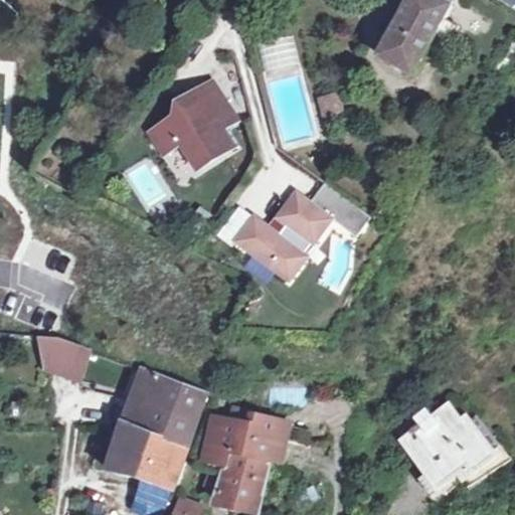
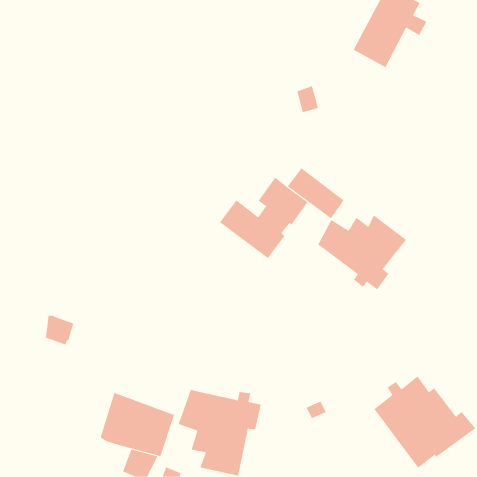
building: [152,77,234,164] -> none
building: none -> [318,215,407,290]
building: [122,366,204,444] -> none

